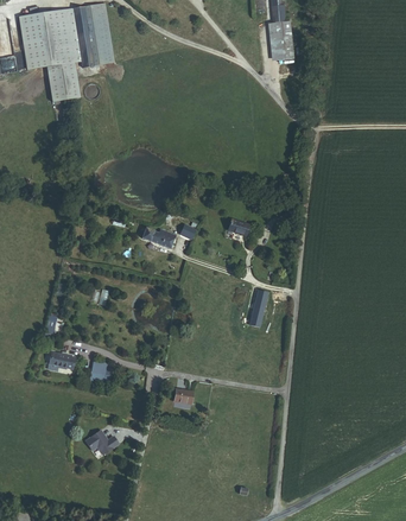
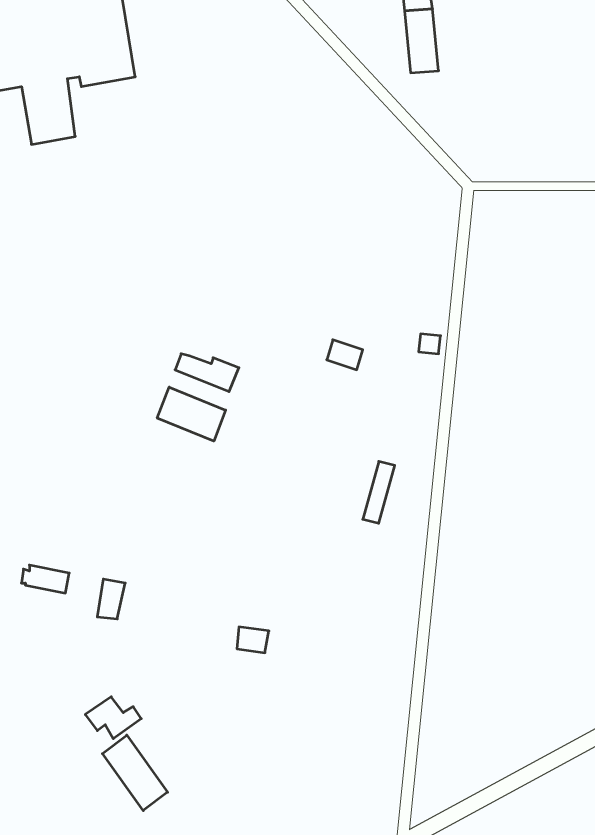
building: none -> [157,387,226,441]
building: none -> [102,735,168,811]

